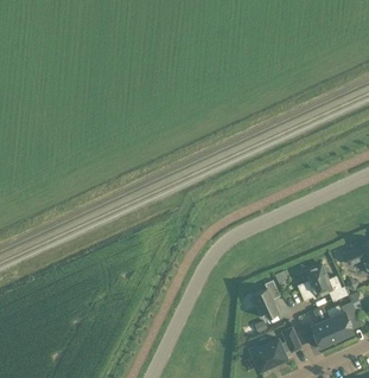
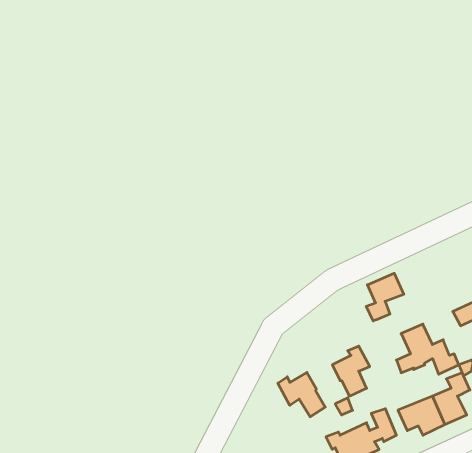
building: none -> [366,273,404,321]
building: none -> [278,372,325,417]

